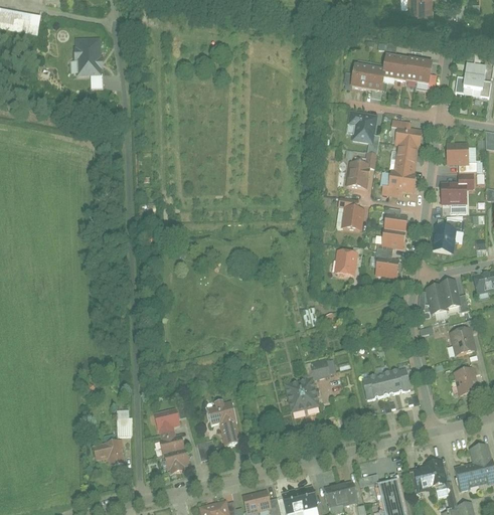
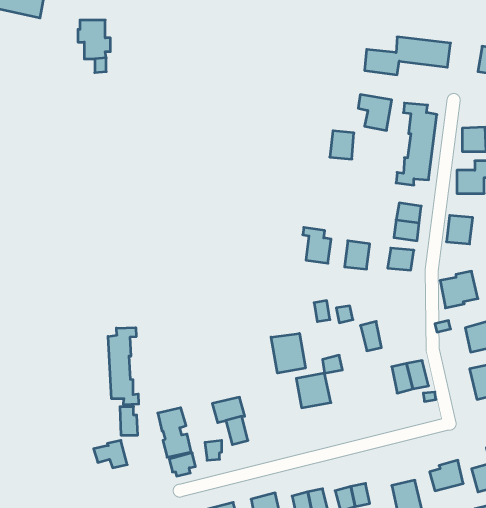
building: [346,161,369,188] -> [330,131,354,159]
building: [337,198,364,232] -> [303,227,331,263]
building: none -> [108,328,139,405]
building: none -> [271,333,305,373]
building: [363,370,383,398] -> [360,321,381,351]

